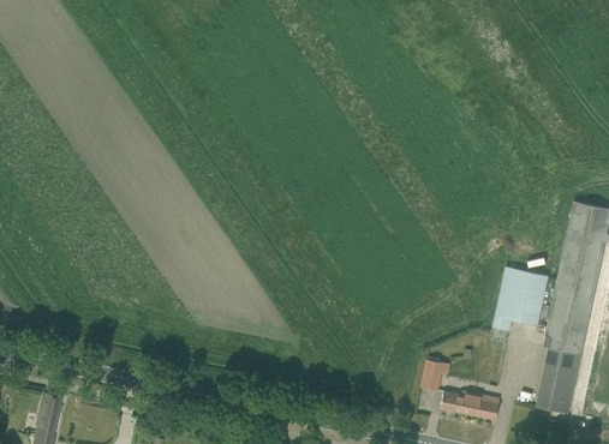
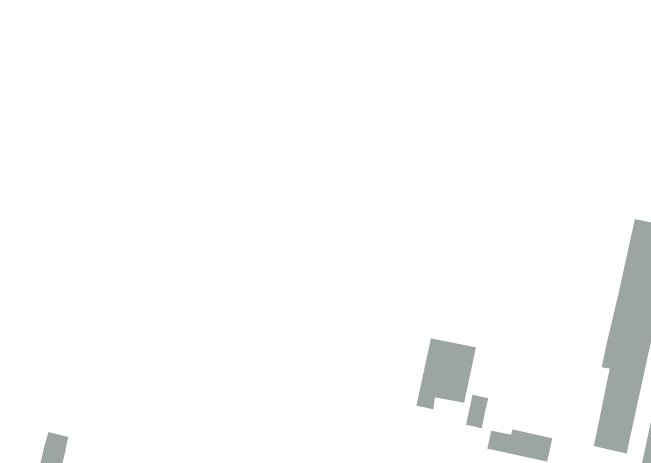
building: [495,266,550,331] -> [416,338,477,410]

